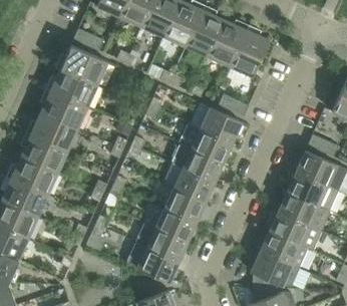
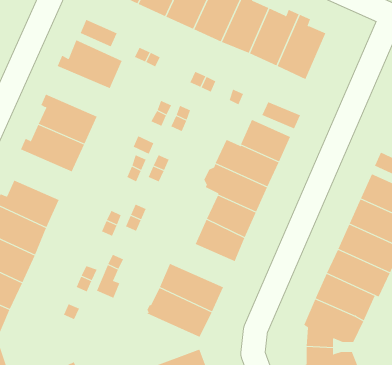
building: [46,66,97,106] -> none
building: [21,132,67,173] -> none
building: [144,208,197,242] -> none

